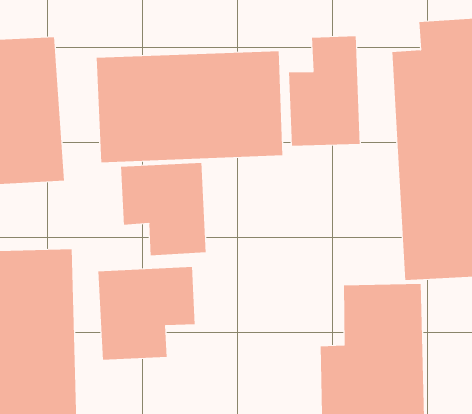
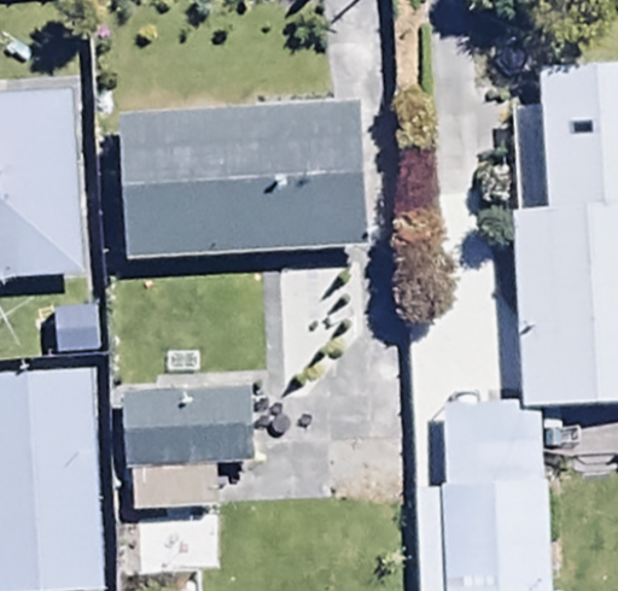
building: [289,36,360,147] -> none
building: [121,162,206,256] -> none

